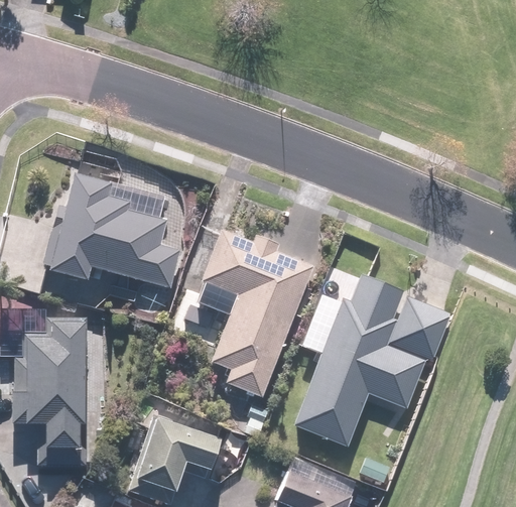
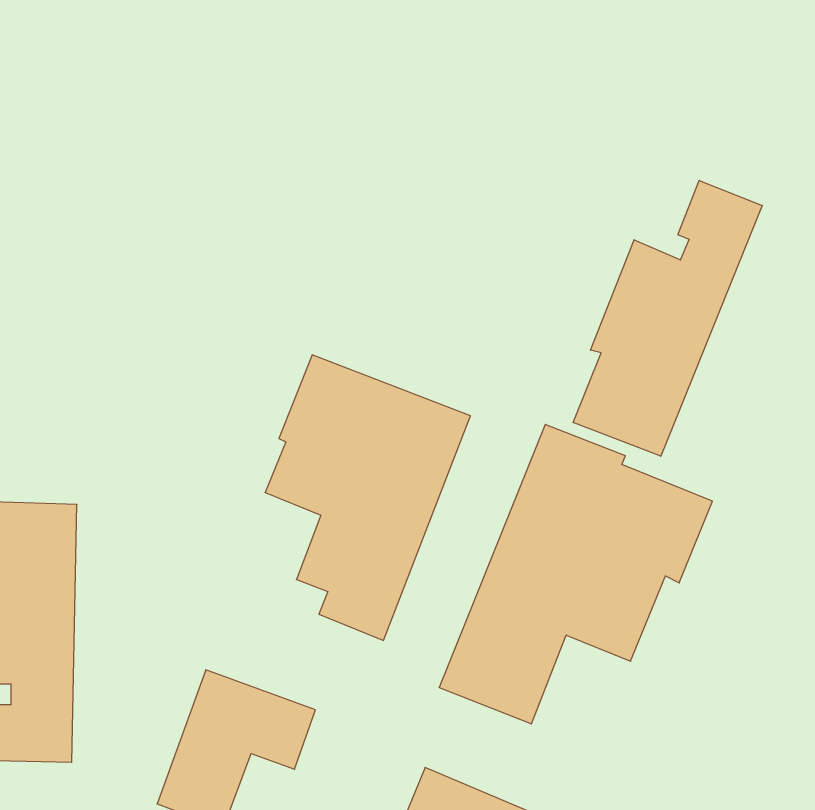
building: none -> [573,180,762,456]
building: [49,177,181,287] -> none

